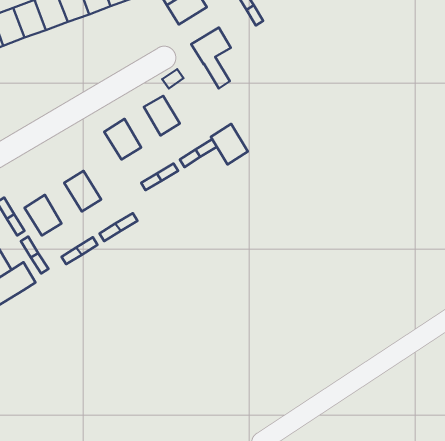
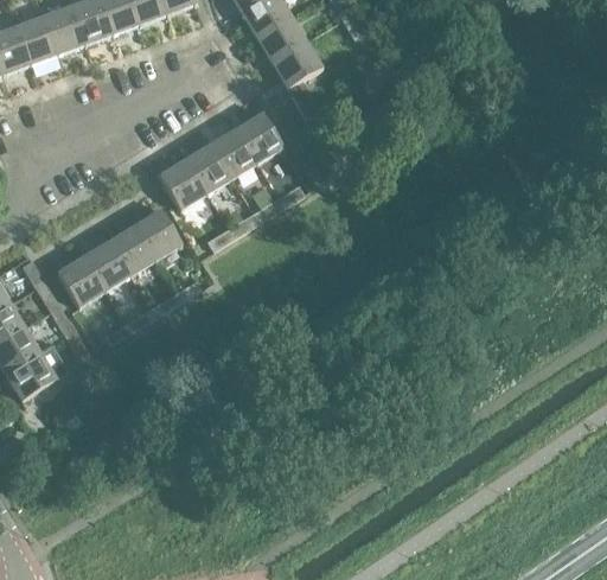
building: none -> [255,14,306,62]
building: none -> [185,142,231,195]
building: [211,124,248,164] -> [235,111,282,164]
building: none -> [133,209,180,261]
building: none -> [83,240,130,292]

